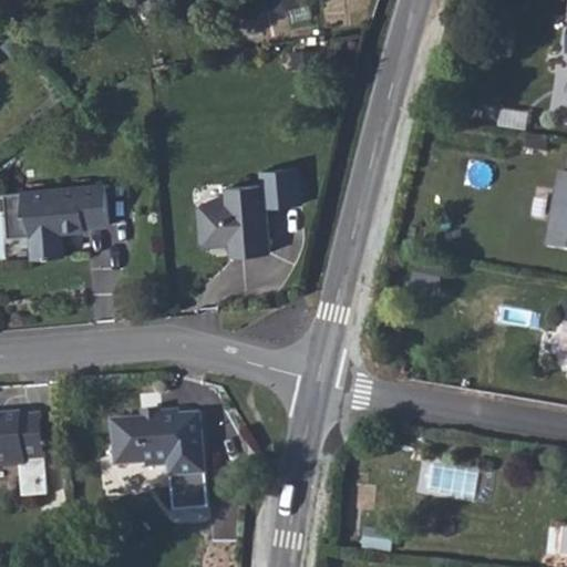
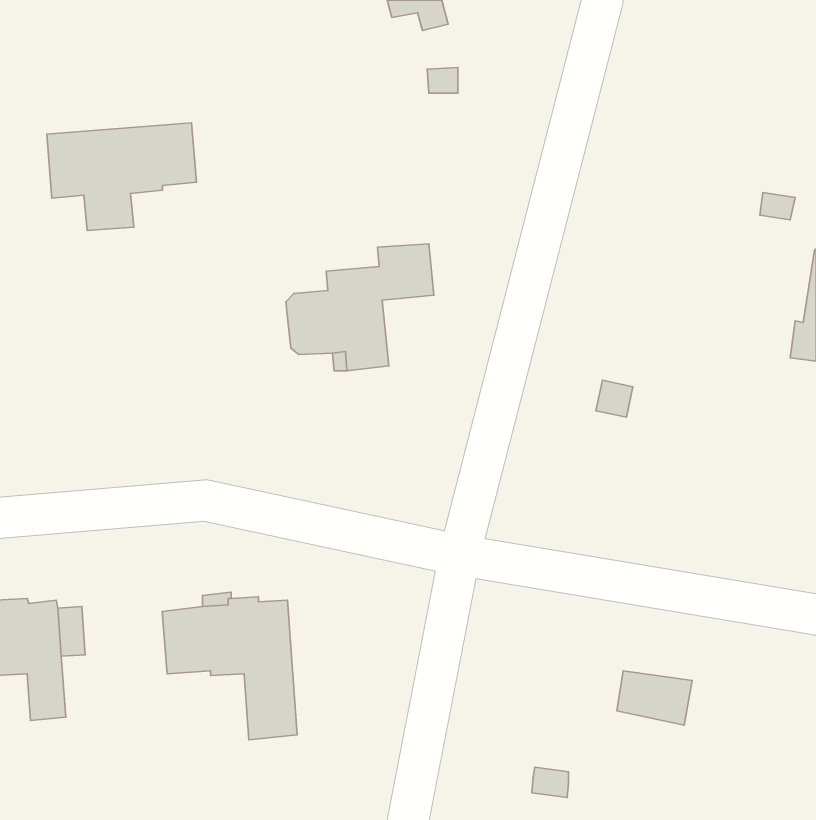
building: [4,184,107,258] -> [47,123,196,230]

